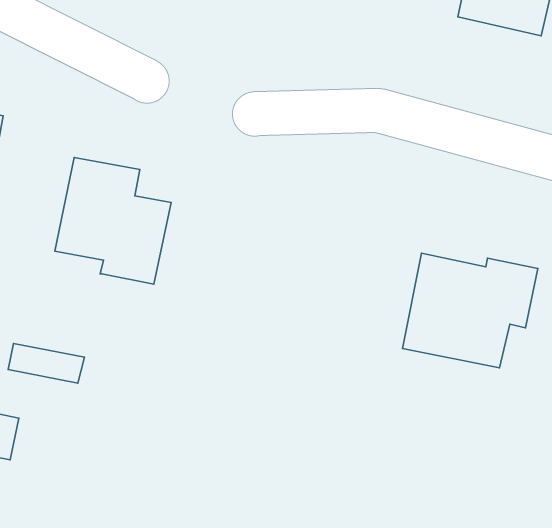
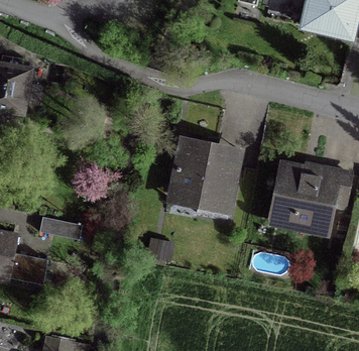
building: [55,157,171,284] -> [170,140,238,214]

